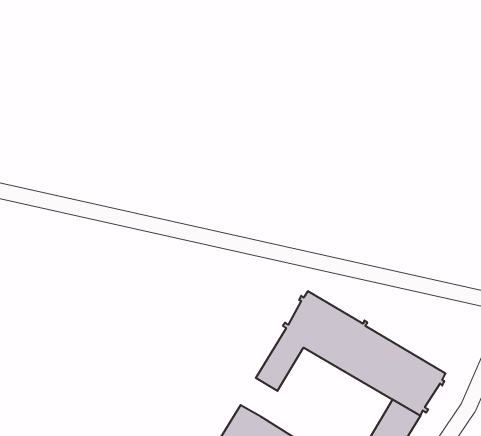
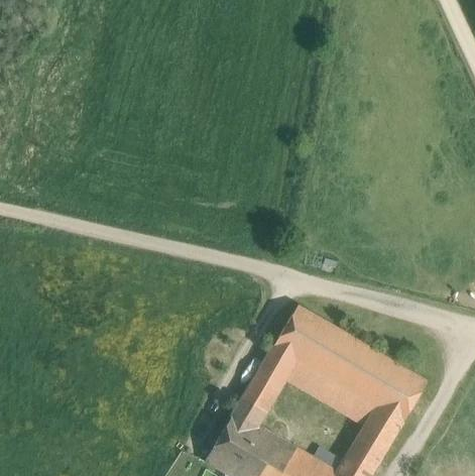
building: none -> [283,358,376,424]
building: none -> [235,386,269,423]

